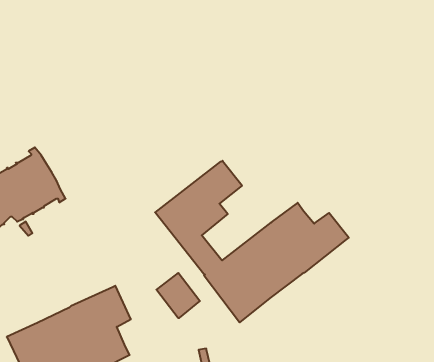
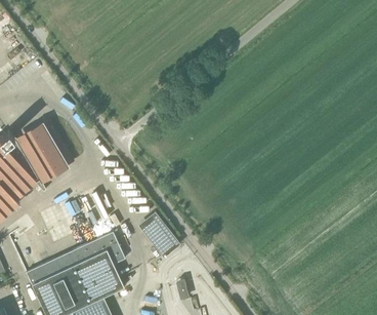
building: [155,161,349,322] -> none

